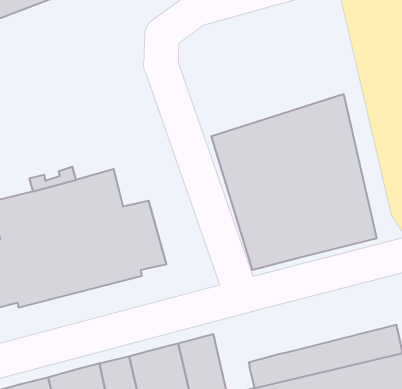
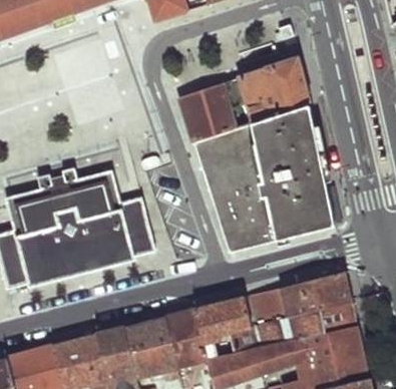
building: none -> [179,58,308,139]
building: none -> [253,270,353,324]
building: none -> [196,296,253,344]

